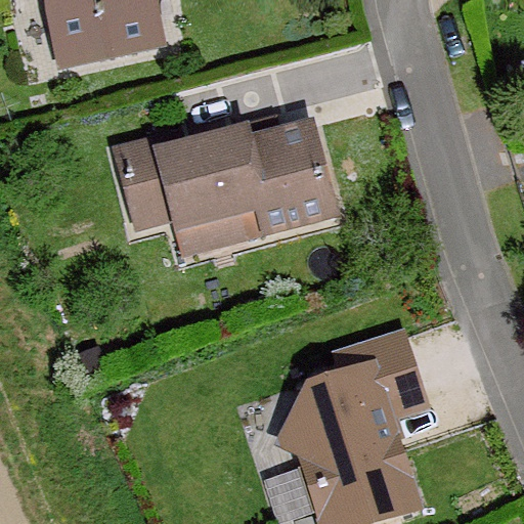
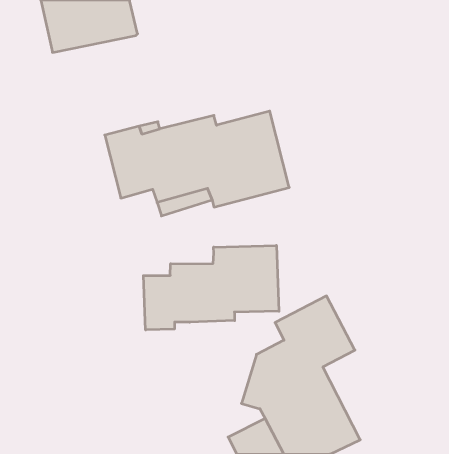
building: none -> [143,245,279,330]

